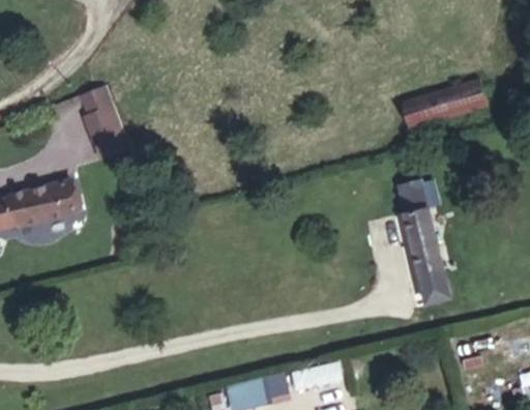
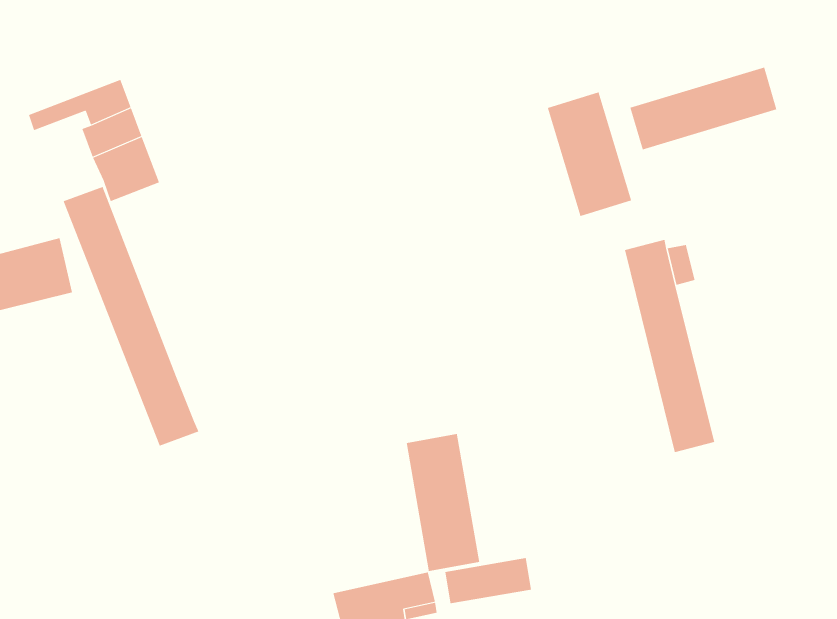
building: none -> [547,92,632,217]
building: none -> [63,186,199,446]
building: none -> [406,433,480,572]

